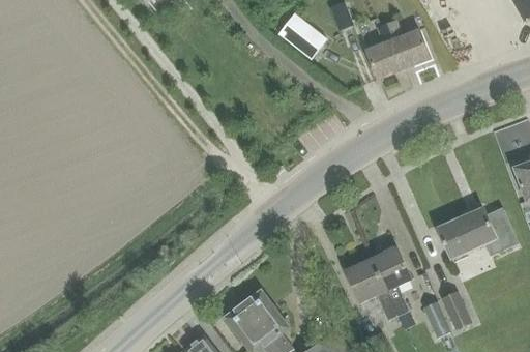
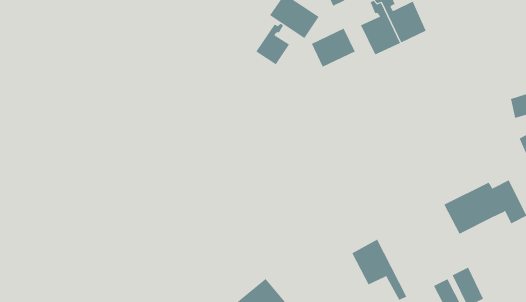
building: none -> [256,23,290,65]
building: none -> [311,28,355,68]
building: [371,246,411,316] -> none

